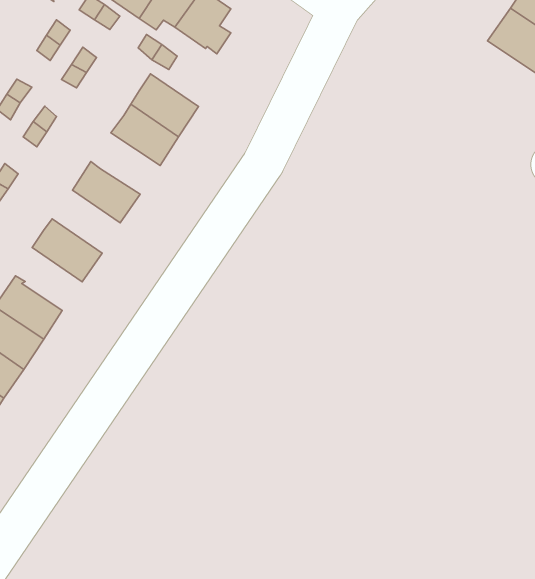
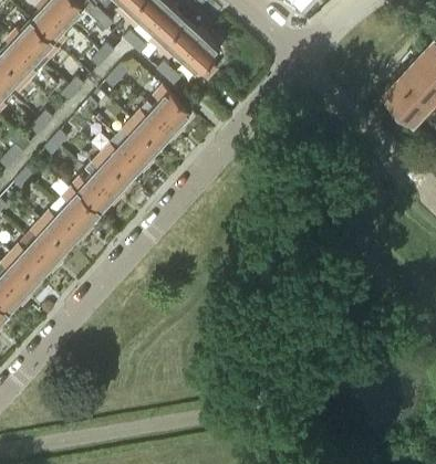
building: none -> [116,120,160,162]
building: none -> [86,154,129,197]
building: none -> [61,187,100,230]

